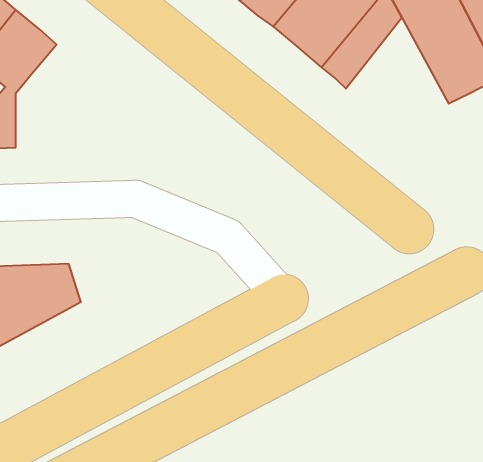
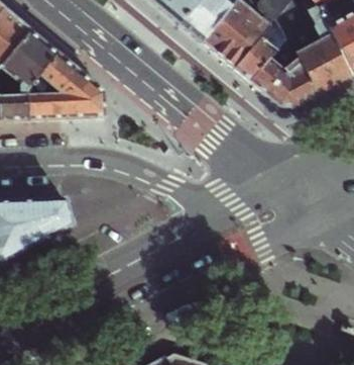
building: none -> [248,33,317,106]
building: none -> [28,52,104,120]

